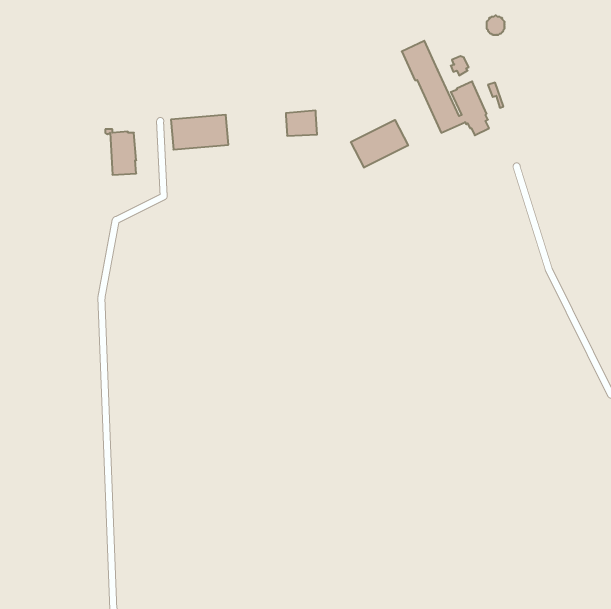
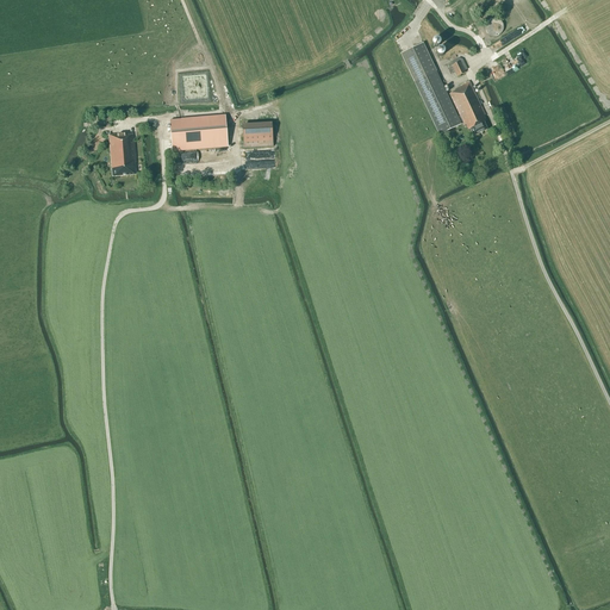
building: [286,111,317,136] -> [242,120,273,145]
building: [351,120,408,168] -> none

